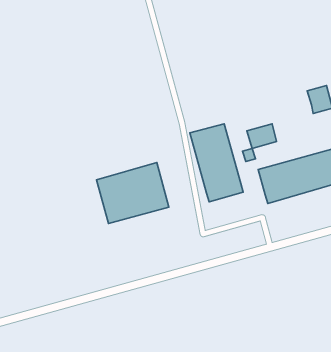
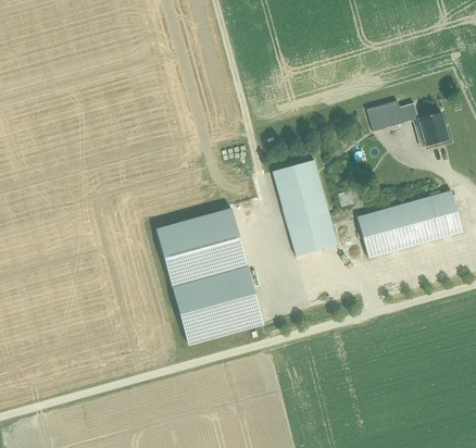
building: [247,124,277,148] -> [366,100,403,130]
building: none -> [171,263,263,344]

